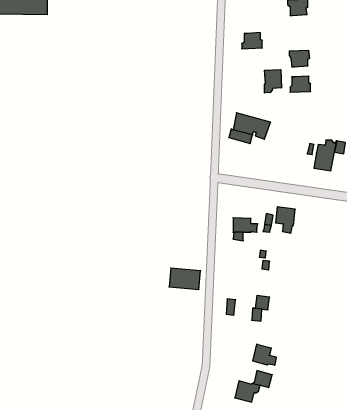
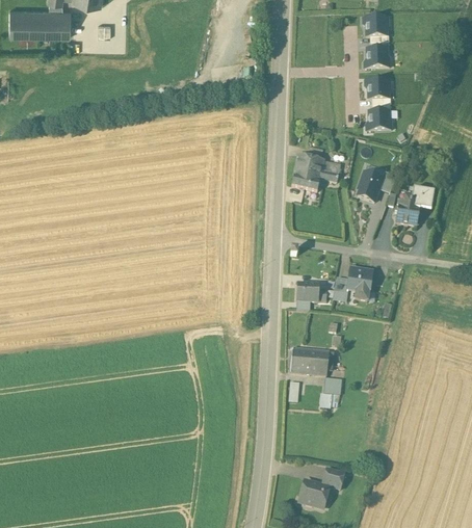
building: [242,33,262,49] -> [364,47,389,67]
building: [264,70,281,93] -> none
building: none -> [356,170,384,202]
building: [169,268,201,289] -> [290,347,329,373]
building: [253,344,276,365] -> none

